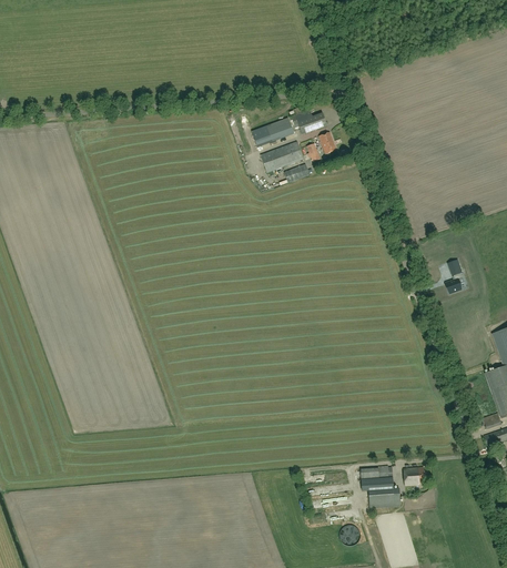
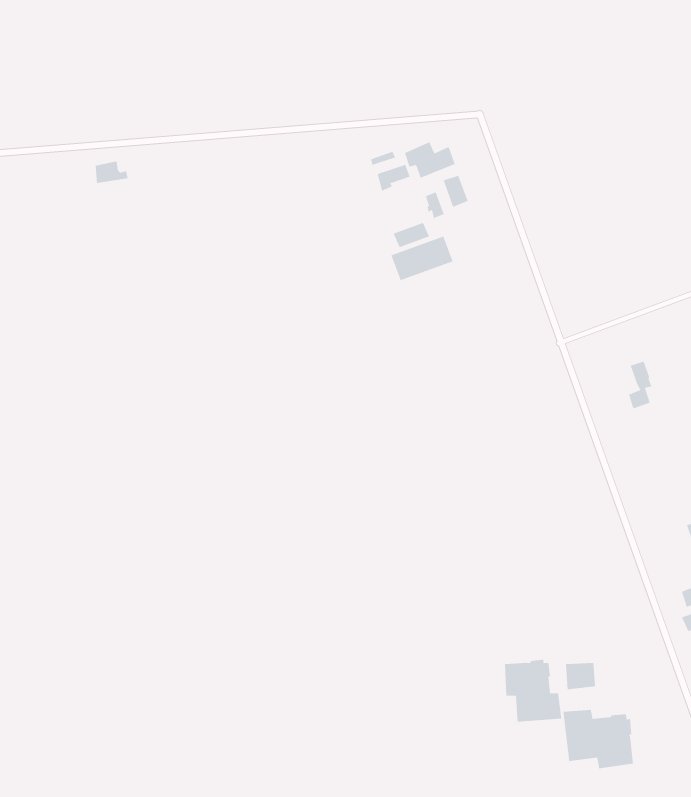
building: [261,140,304,171] -> [391,236,453,281]
building: none -> [563,709,634,769]

